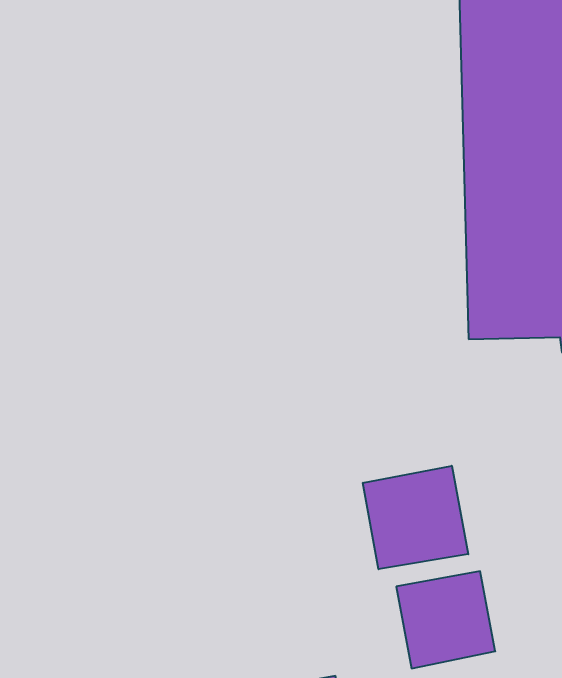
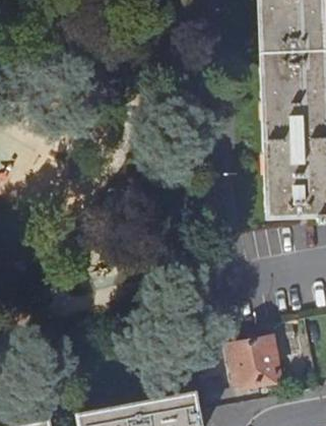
building: [363,466,468,569] -> none

